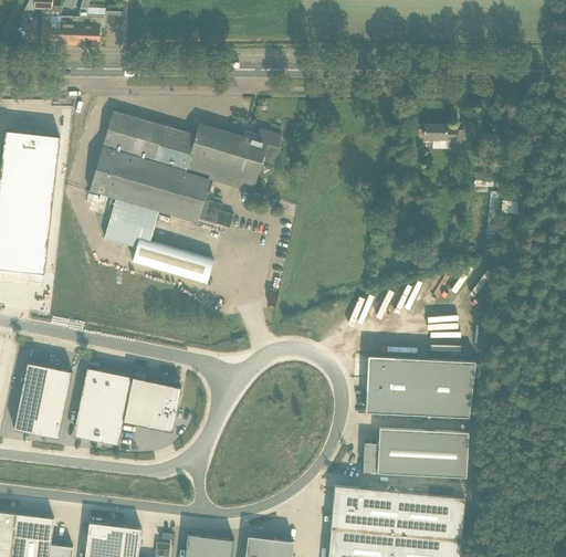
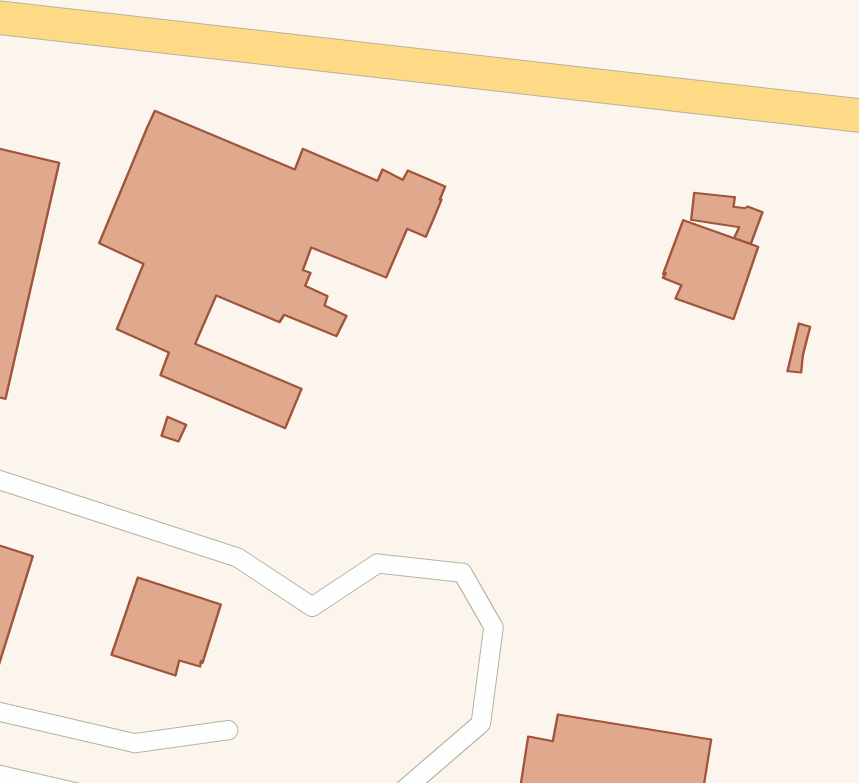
building: none -> [663,220,758,319]
building: [365,356,474,417] -> none
building: [76,368,132,445] -> none

